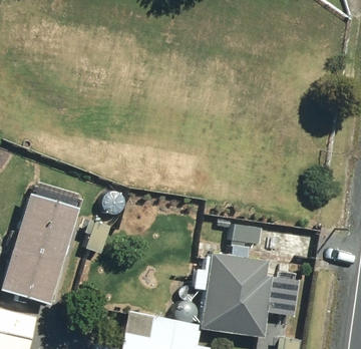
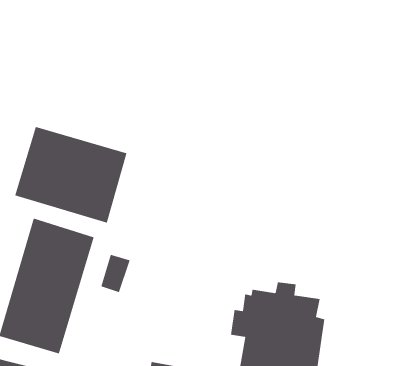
building: none -> [15,126,127,223]

